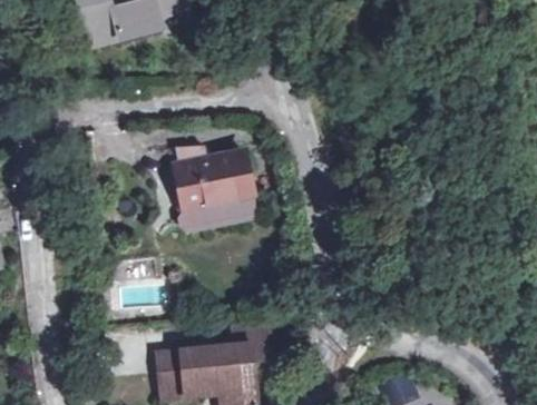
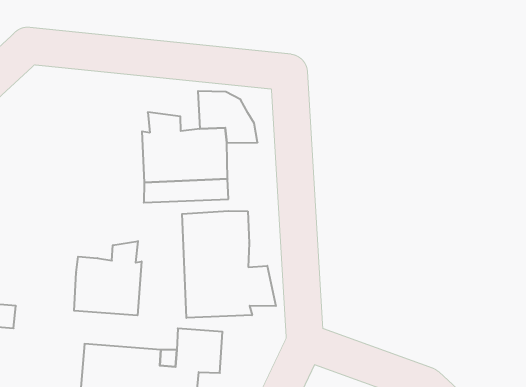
building: none -> [182,211,276,318]
building: none -> [74,241,142,315]

